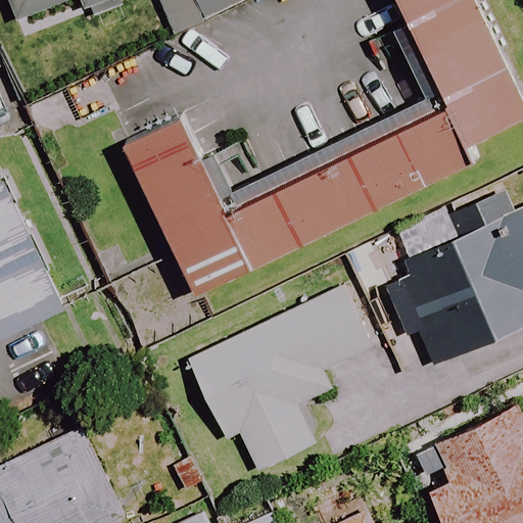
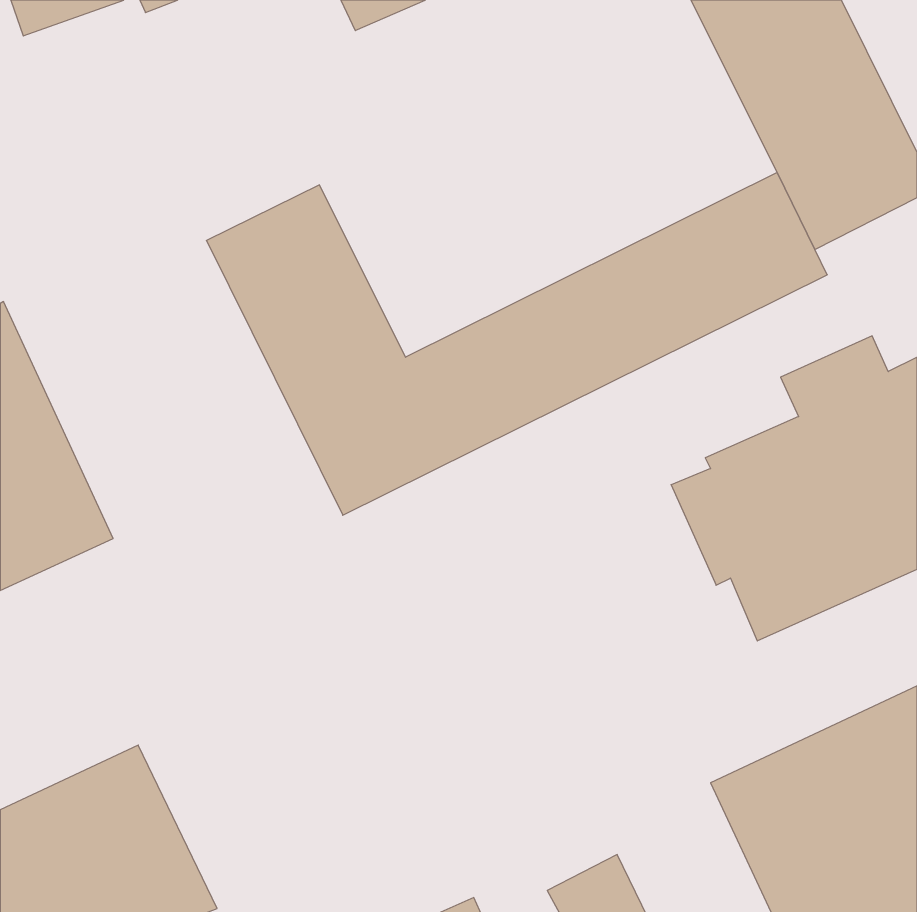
building: [188,288,372,473] -> none

